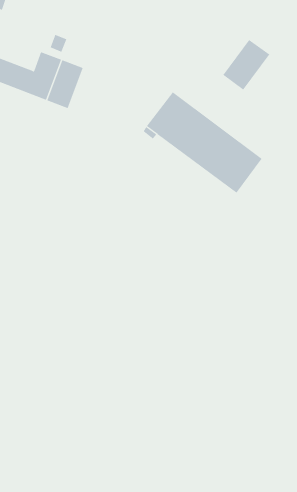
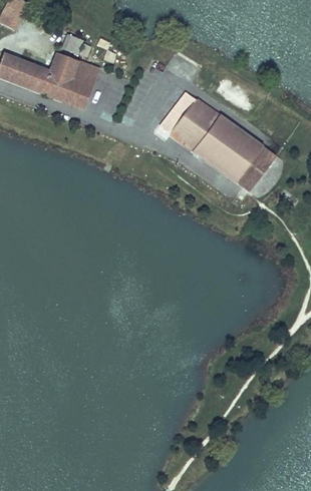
building: [222,39,270,90] -> none

